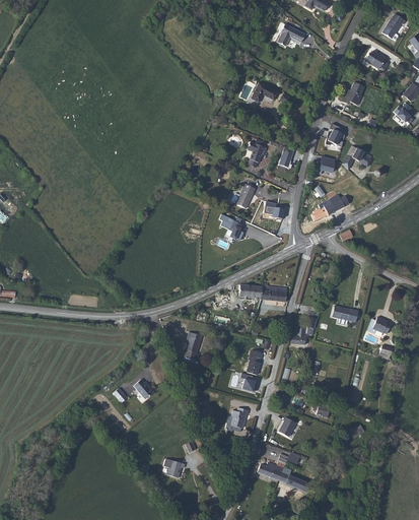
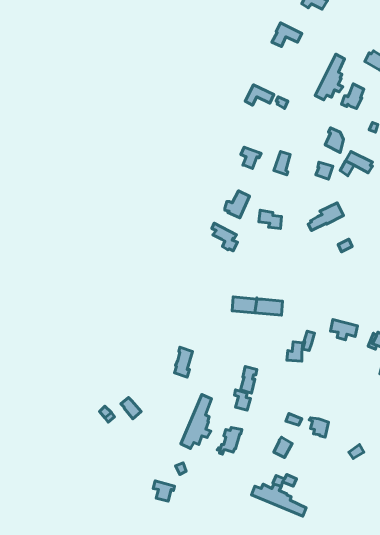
building: none -> [315,54,344,100]
building: none -> [181,394,211,448]

